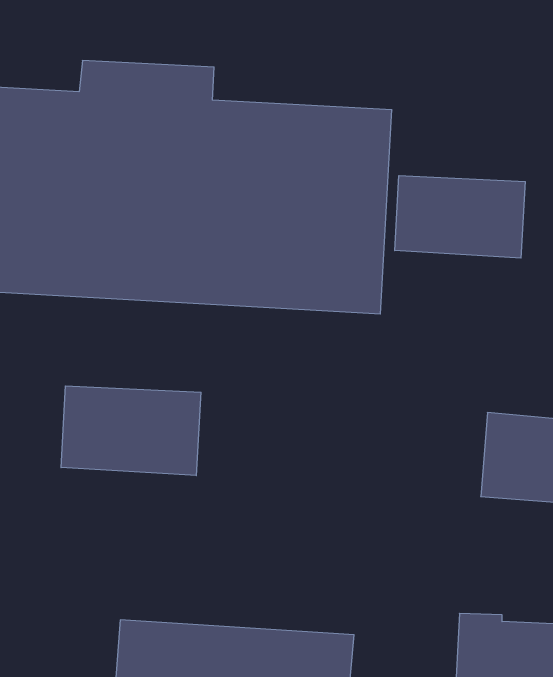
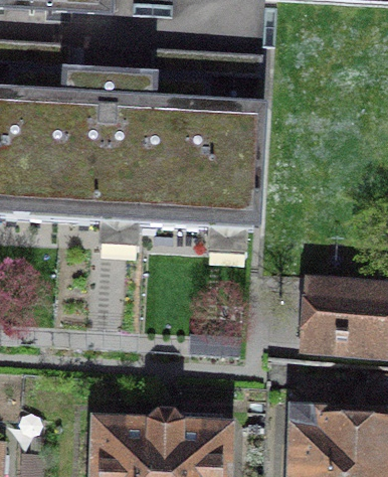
building: [395,176,525,258] -> none
building: [61,386,201,476] -> none

